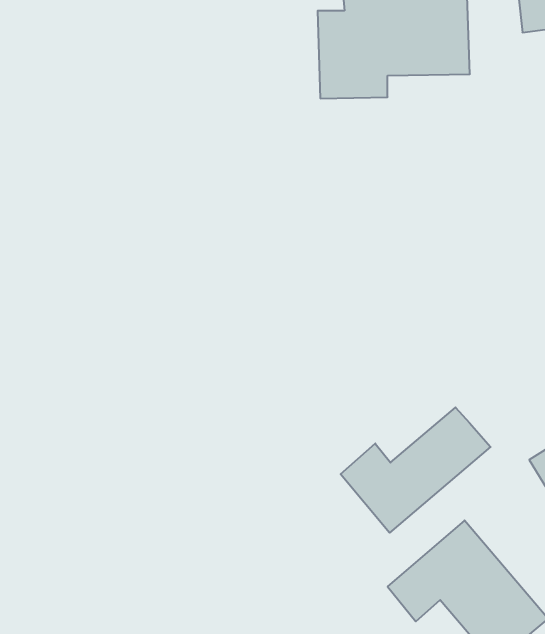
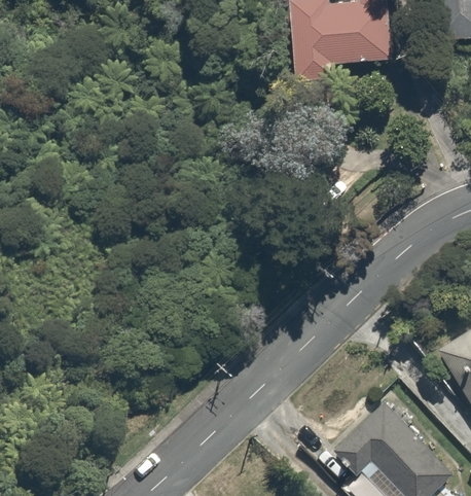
building: [341,407,491,533] -> none

